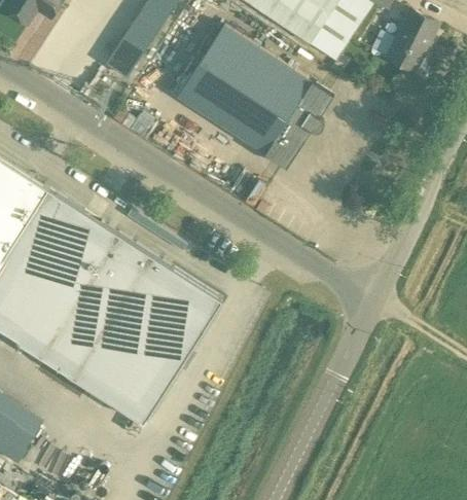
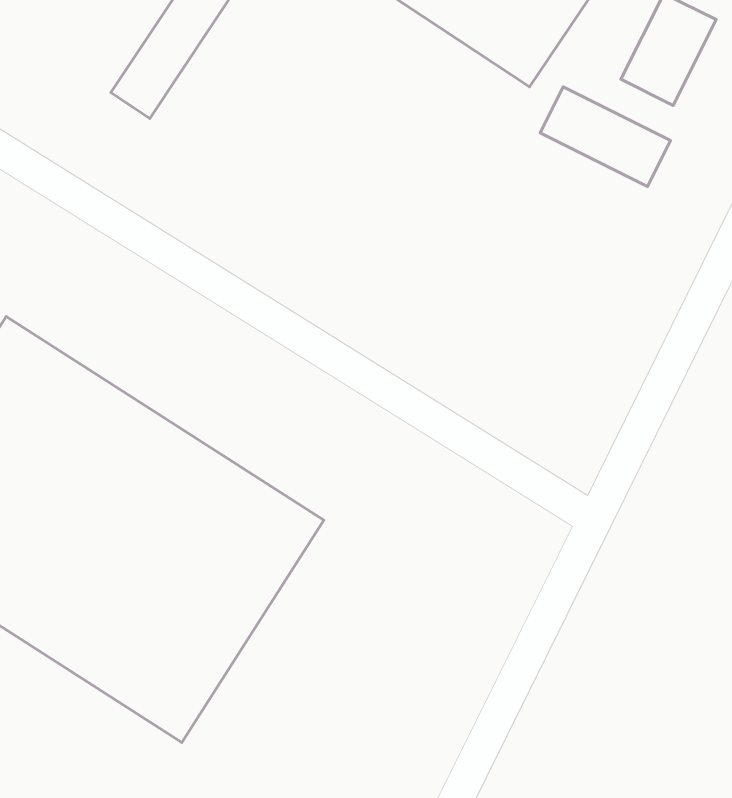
building: [174,24,325,165] -> none
building: none -> [540,87,671,186]

